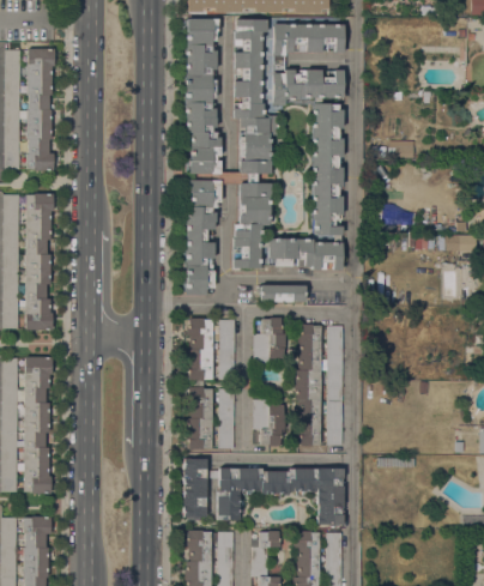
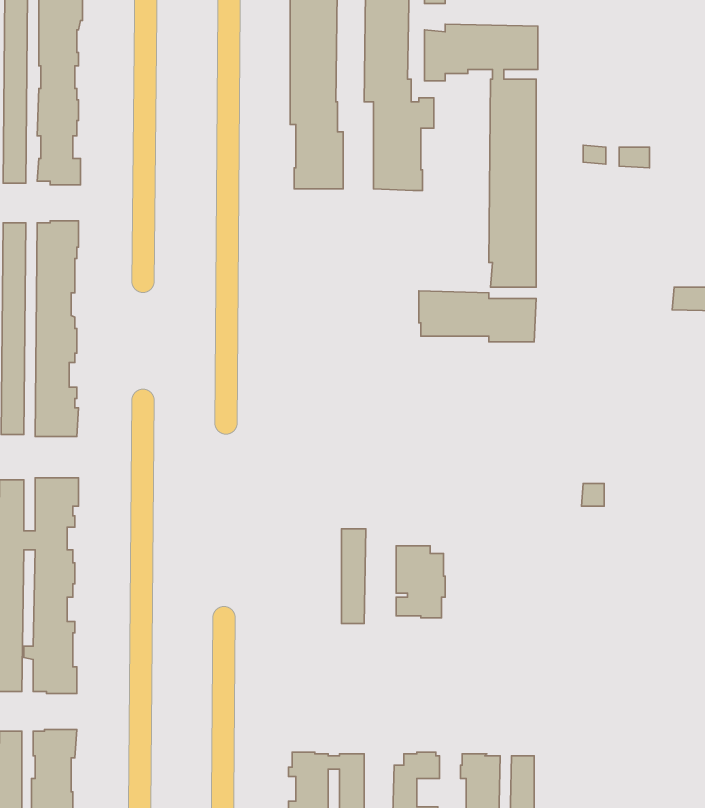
building: [184,180,219,295] -> none
building: [231,182,270,268] -> none
building: [259,284,307,301] -> none
building: [253,316,285,363] -> none
building: [186,318,235,449] -> none
building: [295,324,343,446] -> none
building: [182,458,343,524] -> none

